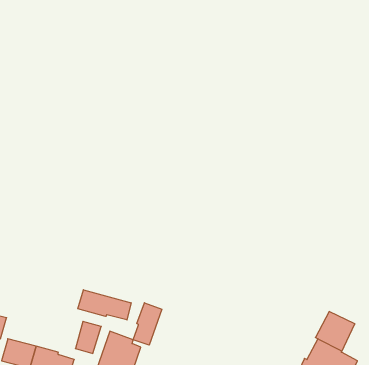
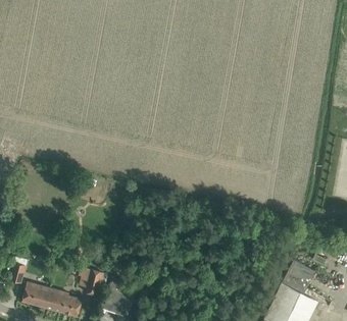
building: [78,290,131,320] -> none
building: [133,303,162,345] -> none

